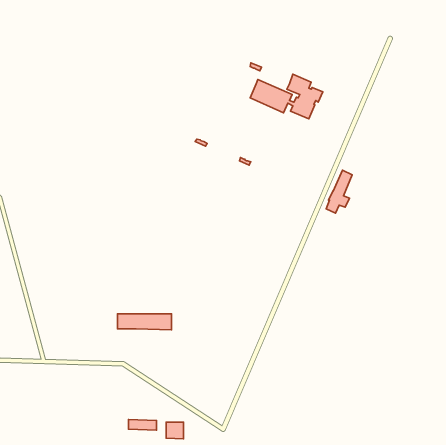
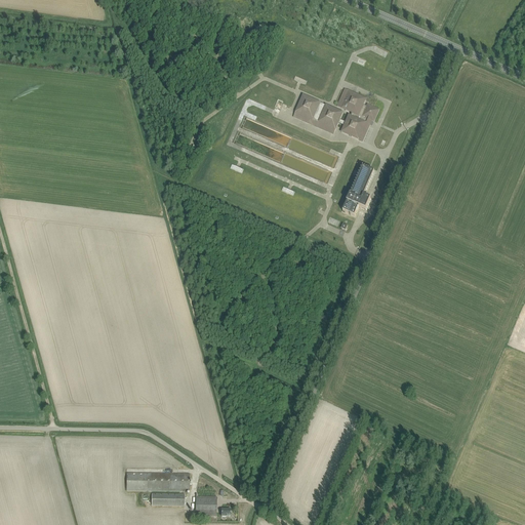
building: [326,170,352,213] -> [342,165,373,215]
building: [117,314,172,330] -> [125,472,189,490]

